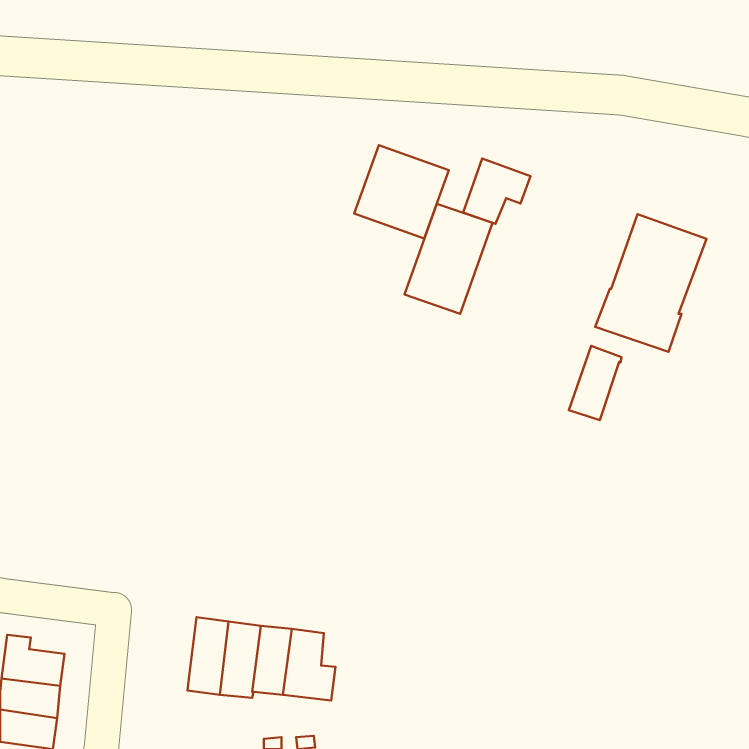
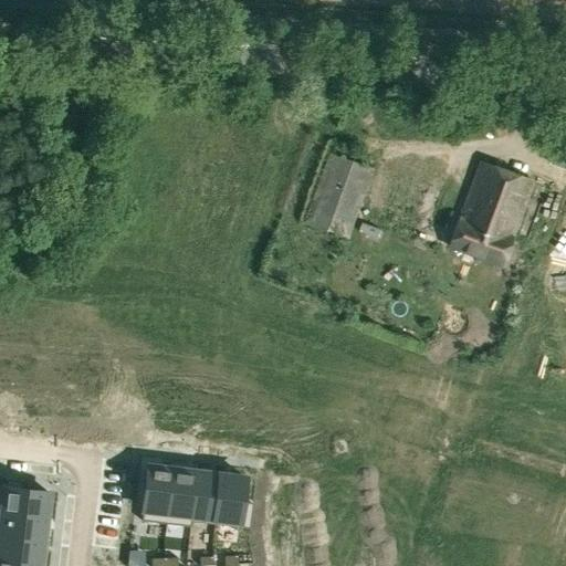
building: [354,145,449,238] -> none
building: [463,158,531,224] -> none
building: [569,346,621,420] -> none

